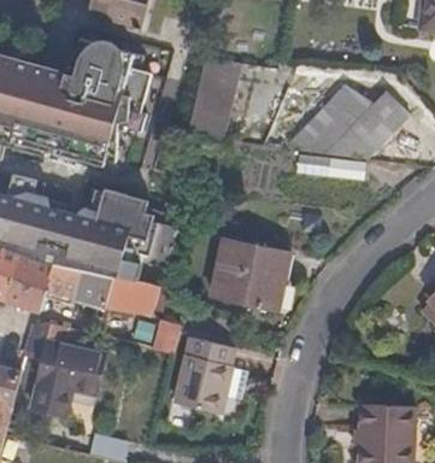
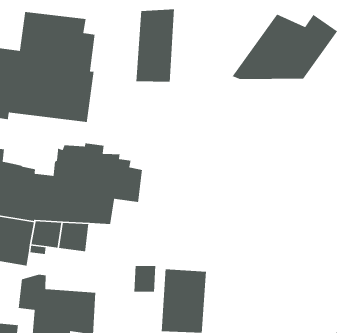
building: [213,238,290,307] -> none
building: [106,275,160,312] -> none

